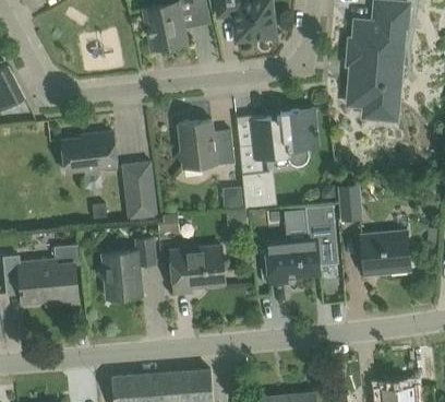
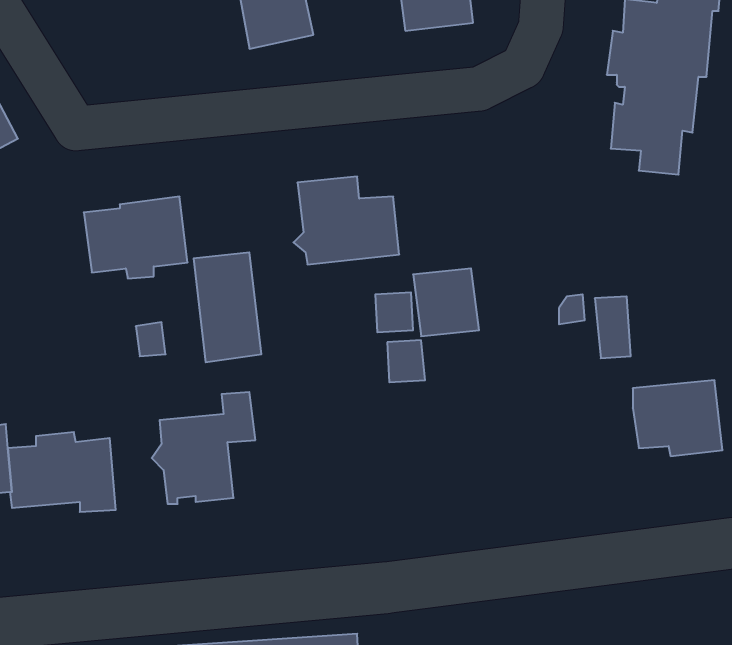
building: [251,108,320,165] -> none
building: [265,204,338,284] -> none
building: [170,246,226,293] -> none

